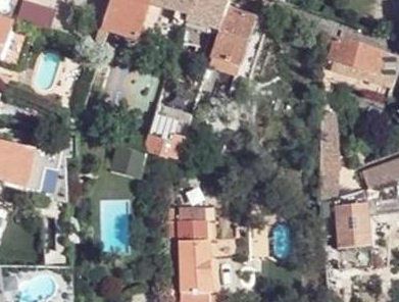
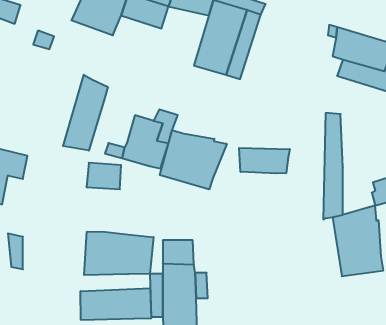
building: none -> [63,75,108,151]
building: none -> [160,130,227,189]
building: none -> [239,148,290,173]
building: none -> [84,232,154,275]
building: none -> [81,288,151,320]

